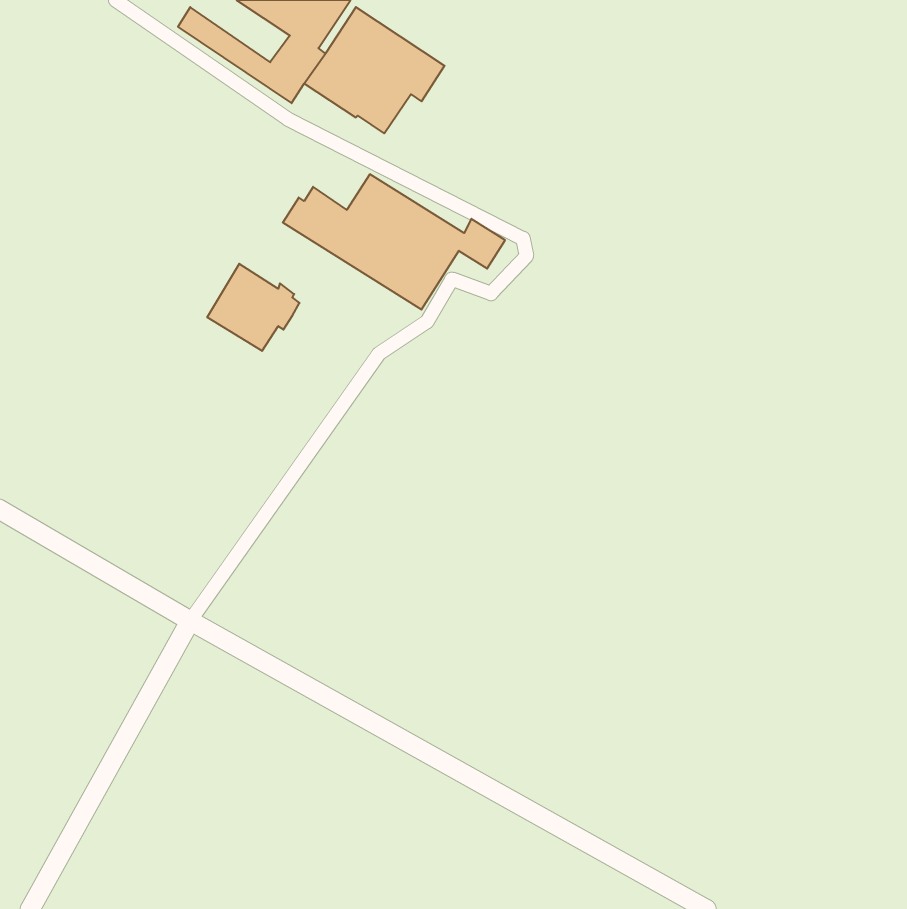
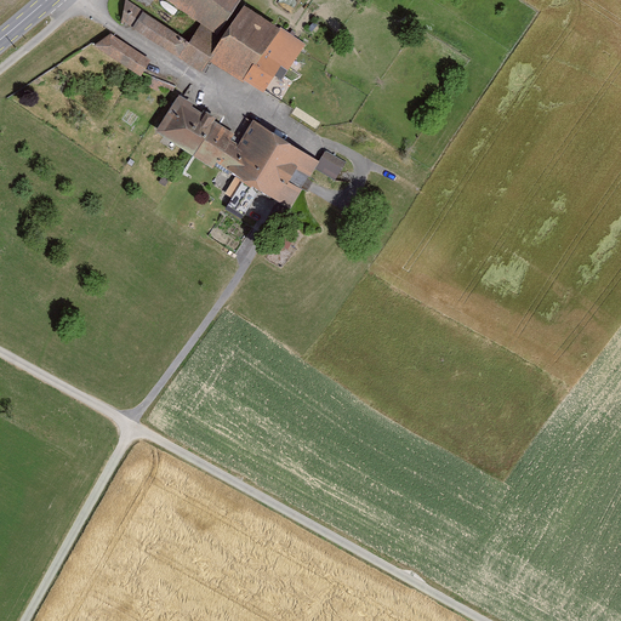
building: none -> [93,32,150,74]
building: [207,264,300,351] -> [155,92,218,152]

